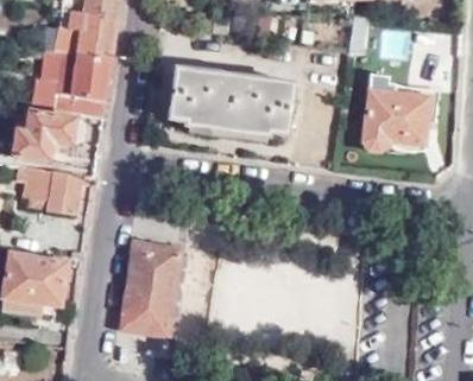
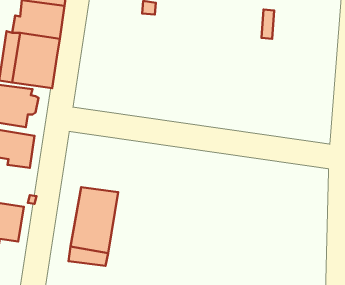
building: [170,66,296,136] -> none
building: [359,93,428,148] -> none

